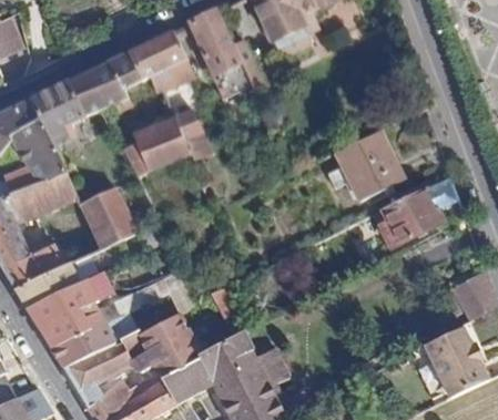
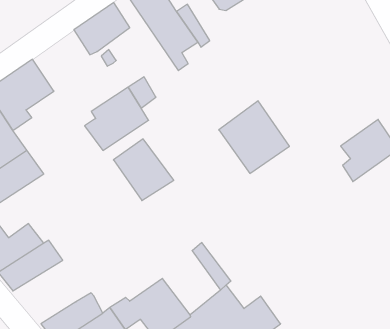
building: [82,51,141,110] -> none
building: [334,129,403,201] -> [219,101,289,173]
building: [80,184,138,246] -> [113,139,174,201]
building: [26,269,113,342] -> none

